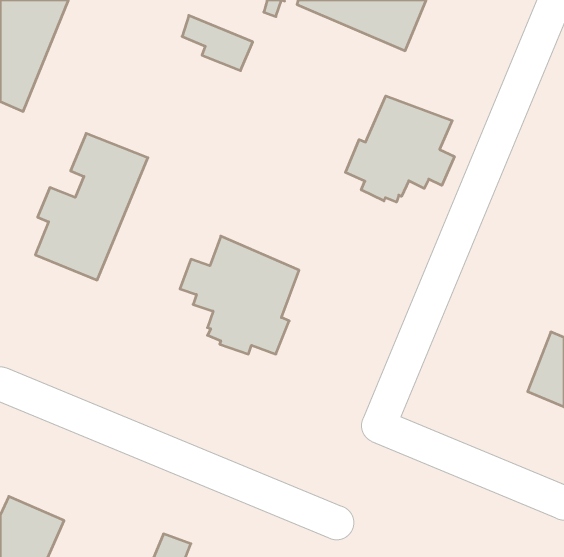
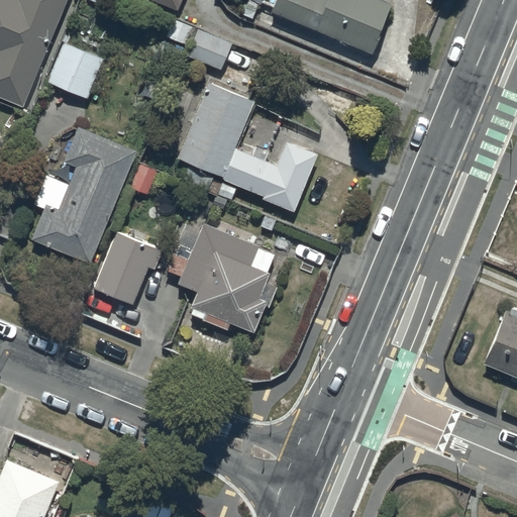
building: none -> [45,43,104,101]
building: none -> [177,80,316,212]
building: [345,96,454,202] -> none
building: none -> [93,231,162,305]

